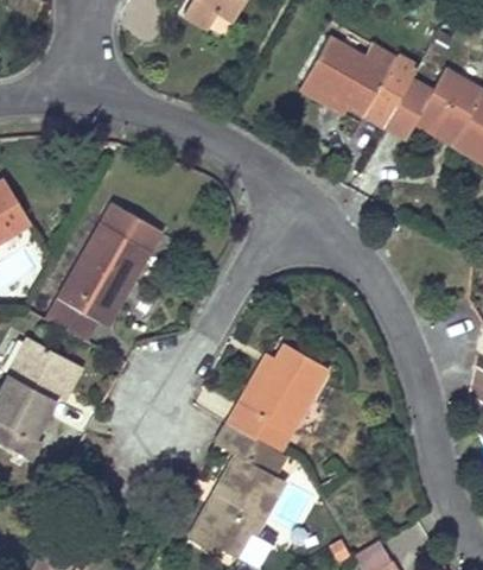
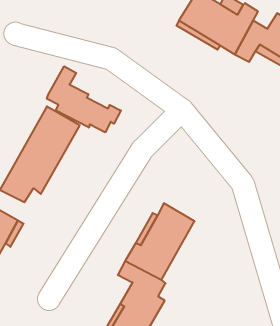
building: none -> [47,66,121,132]

